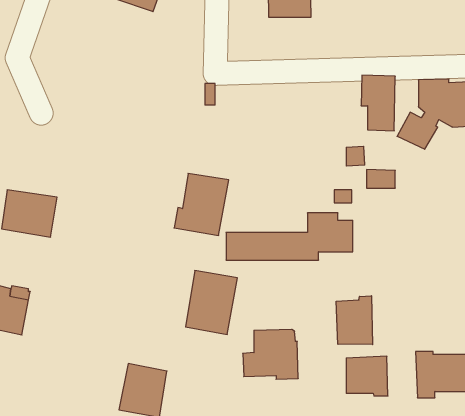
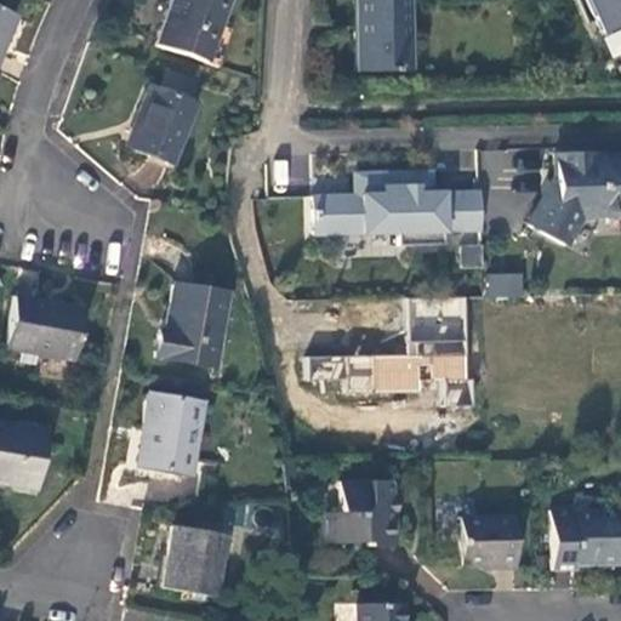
building: none -> [129,85,199,161]
building: none -> [313,170,482,245]
building: [174,173,229,235] -> [158,285,229,366]
building: [186,271,237,334] -> [138,392,206,475]
building: [336,296,373,345] -> none

